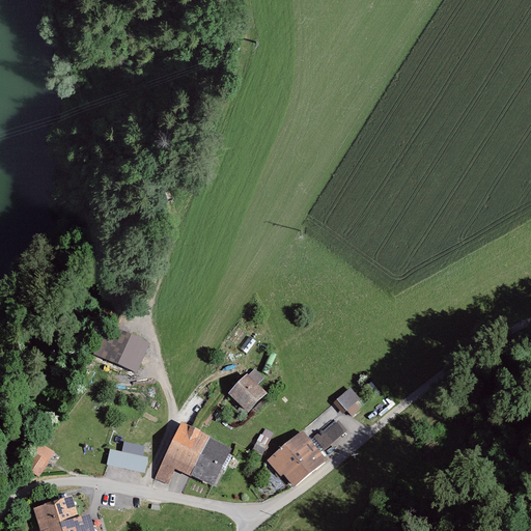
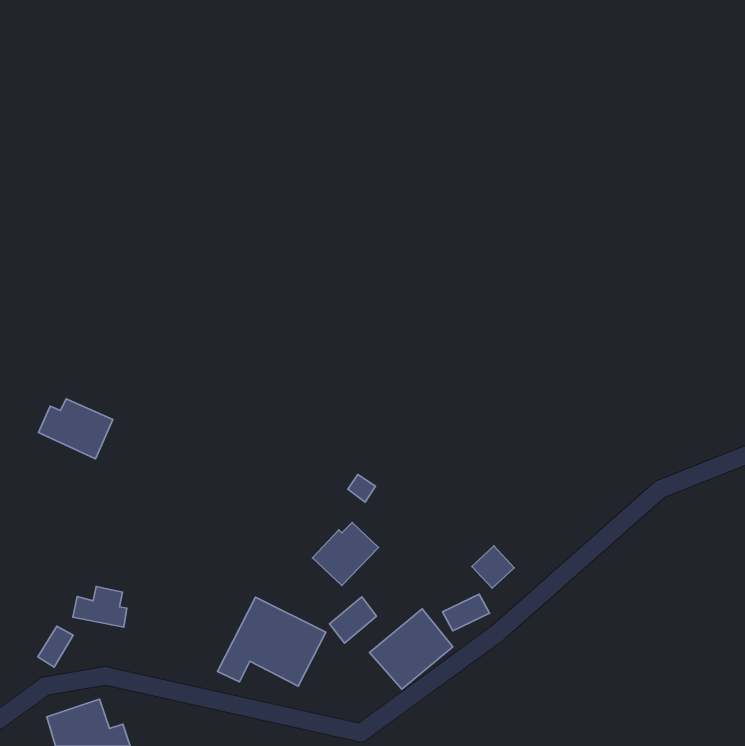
building: [95,328,148,370] -> [38,399,113,459]
building: none -> [330,597,377,643]
building: [107,442,145,471] -> [73,586,127,627]

